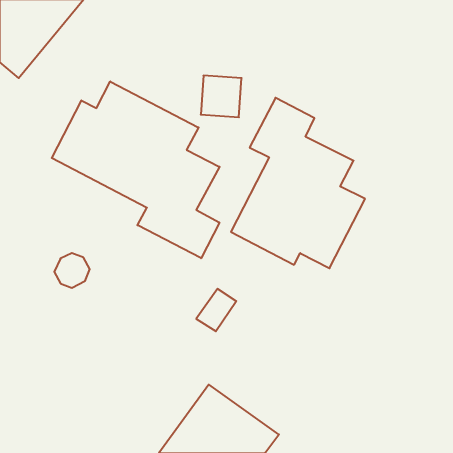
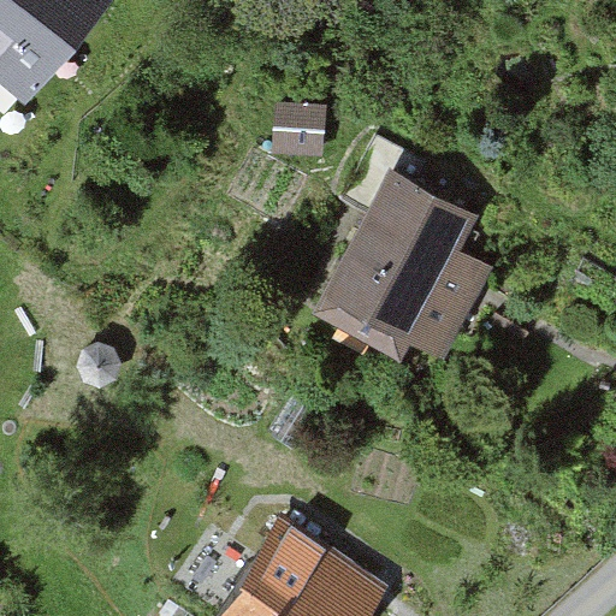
building: [52,81,220,258] -> none

